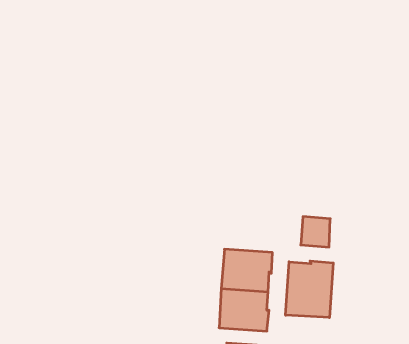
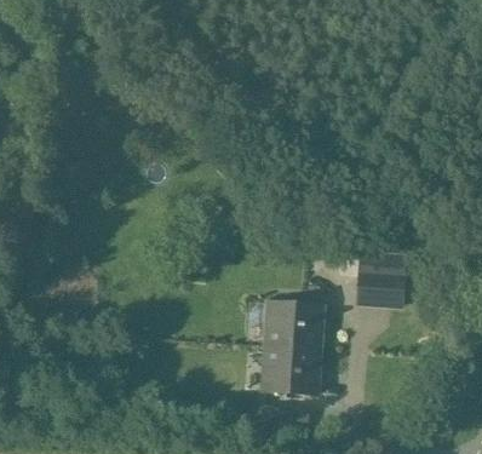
building: [286,261,333,318] -> none

